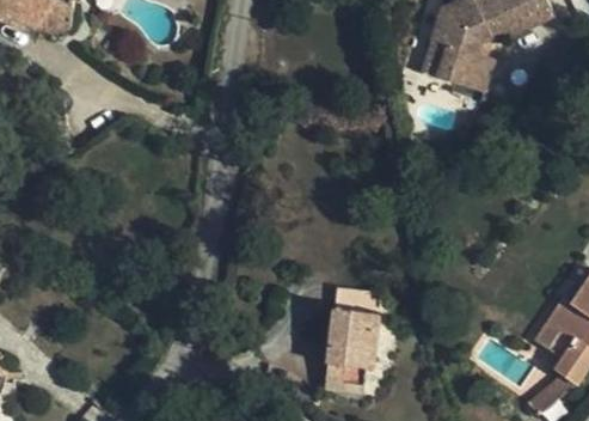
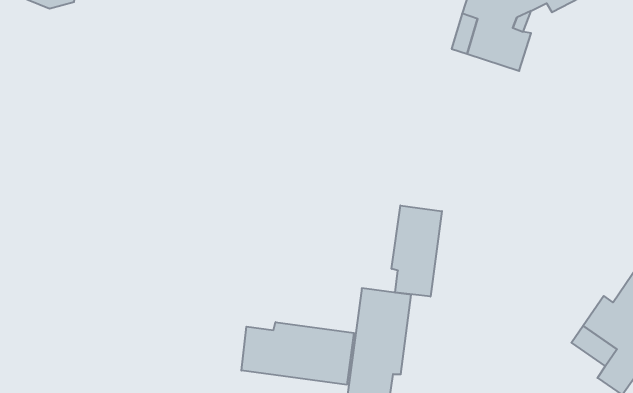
building: none -> [392,205,442,297]
building: none -> [241,322,354,385]

